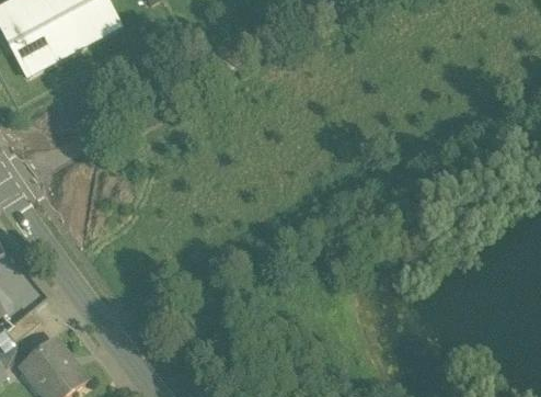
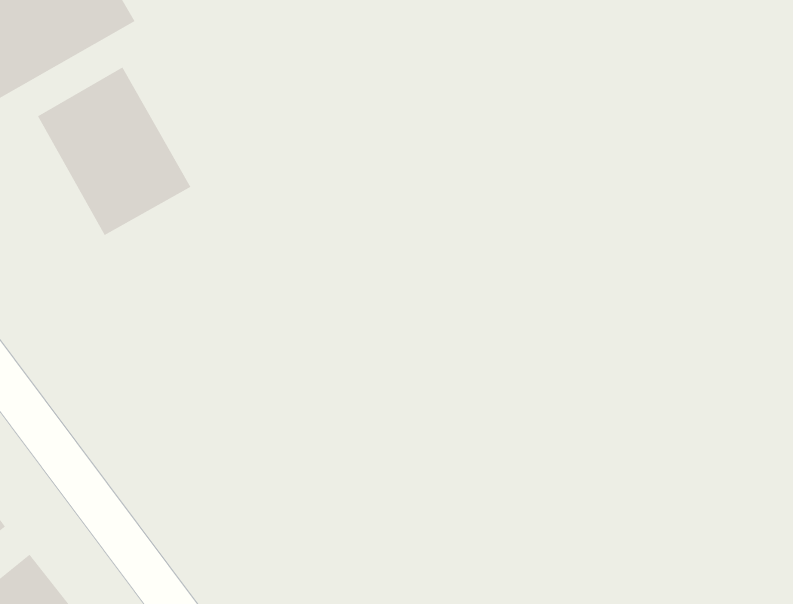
building: none -> [37,66,191,236]

